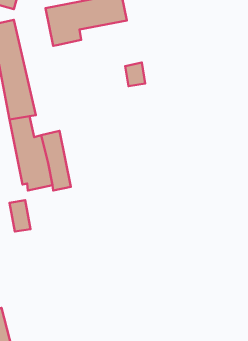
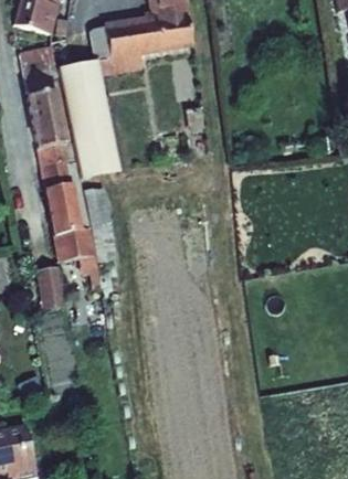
building: none -> [63,81,117,170]

